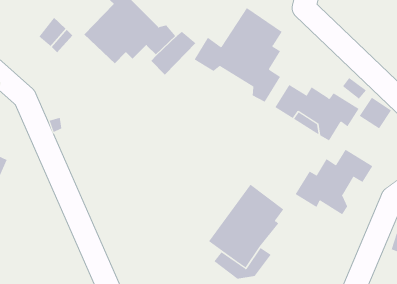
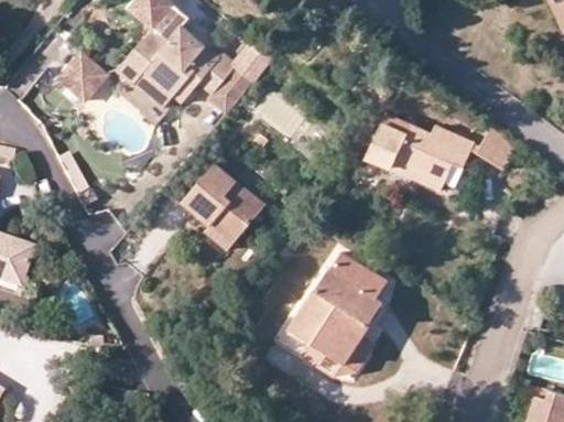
building: [194,7,282,103] -> none
building: none -> [182,156,267,245]
building: [295,149,373,215] -> none

